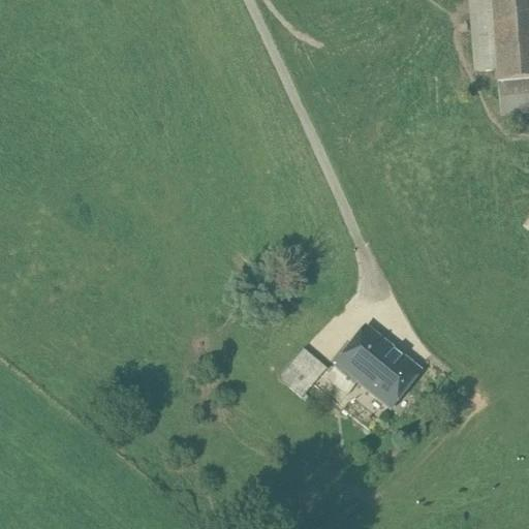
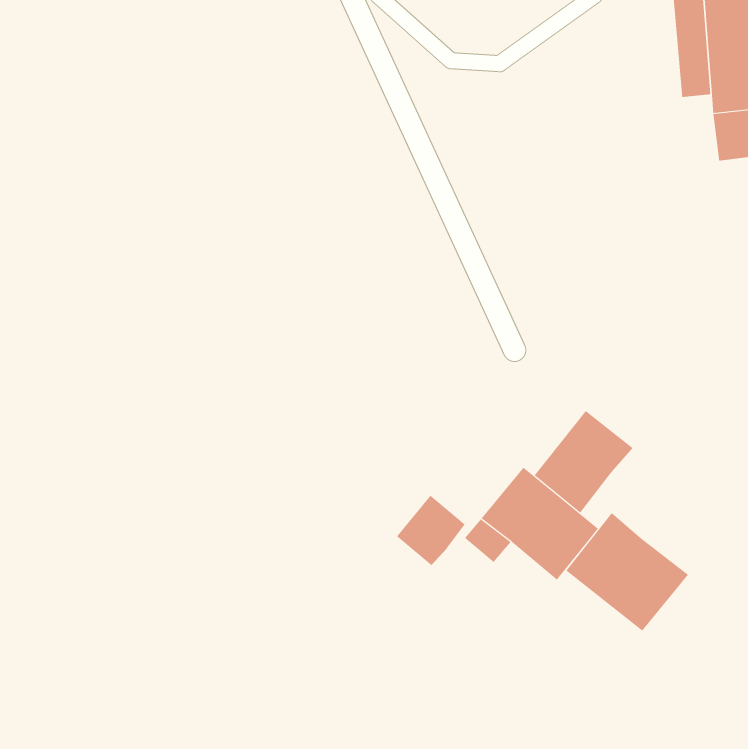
building: none -> [534,410,633,513]
building: none -> [565,512,689,632]

